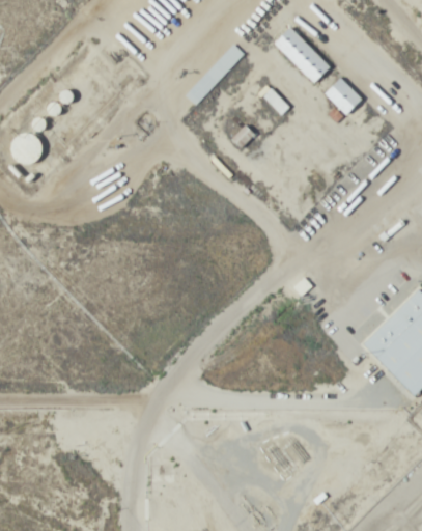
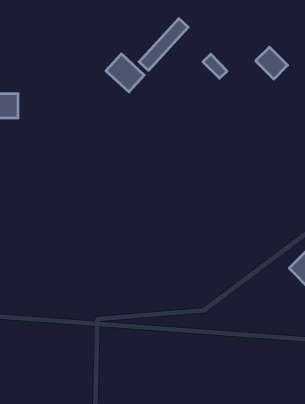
building: [273,26,330,84] -> none
building: none -> [106,54,144,92]

